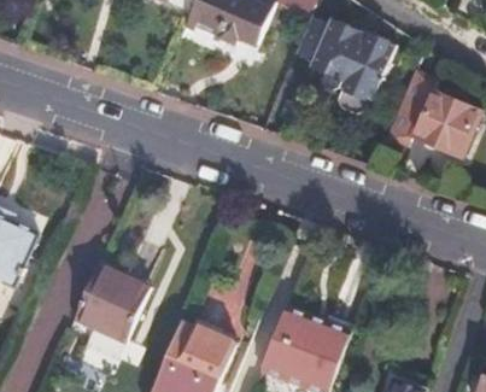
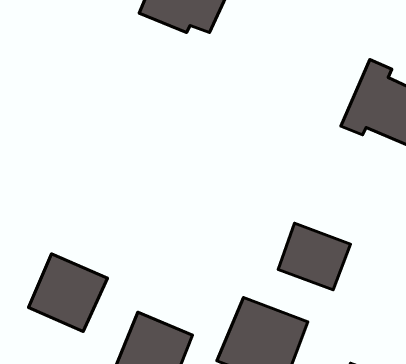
building: [295,18,393,116] -> none
building: none -> [278,223,350,290]

